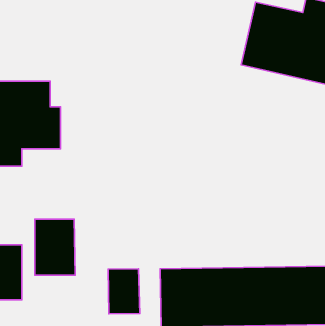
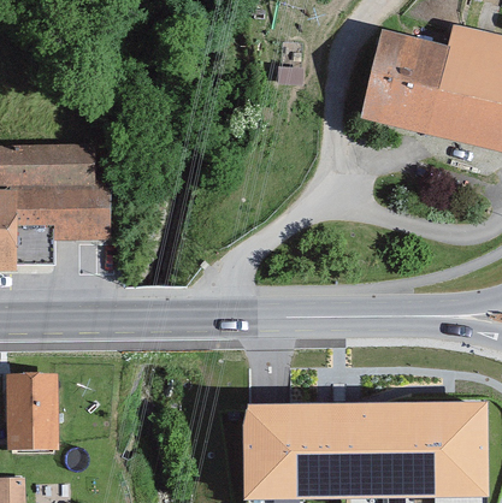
building: [35,219,75,275] -> none
building: [108,269,140,314] -> none

